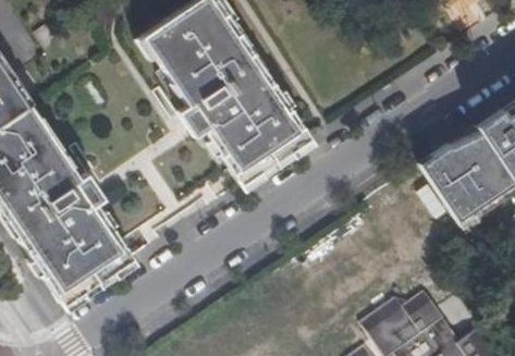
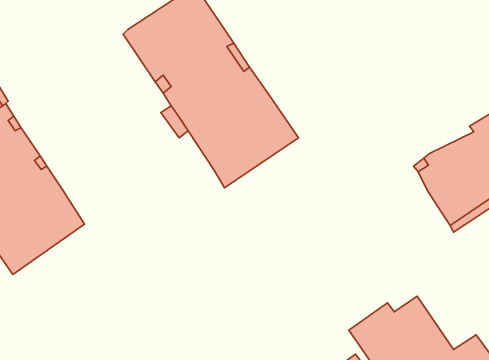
building: [37,218,131,302] -> none

